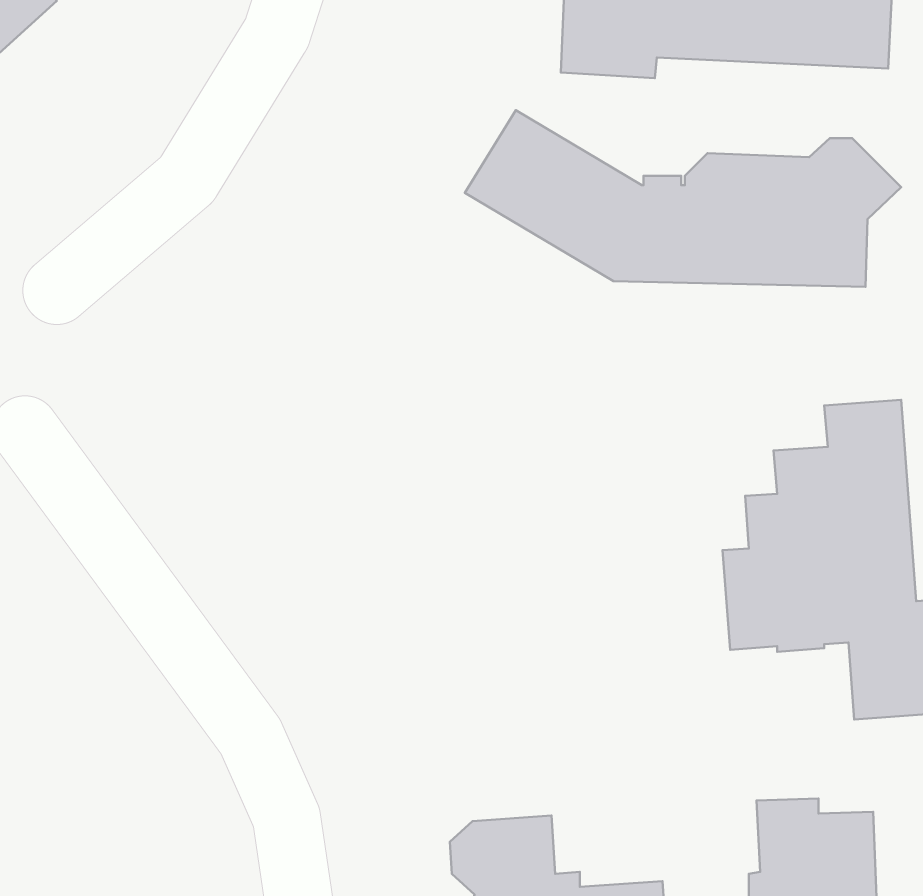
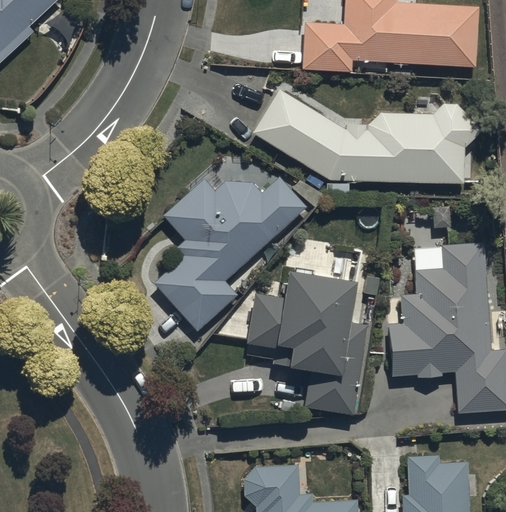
building: none -> [155,176,306,330]
building: none -> [246,269,367,414]

